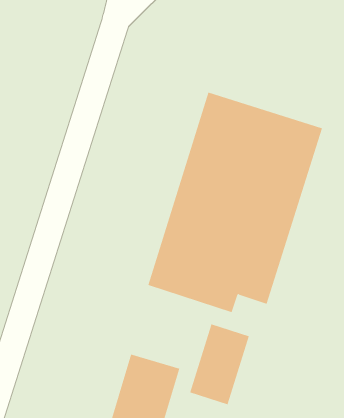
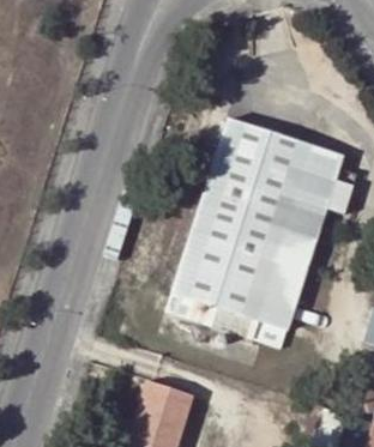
building: [189,324,249,405] -> none

